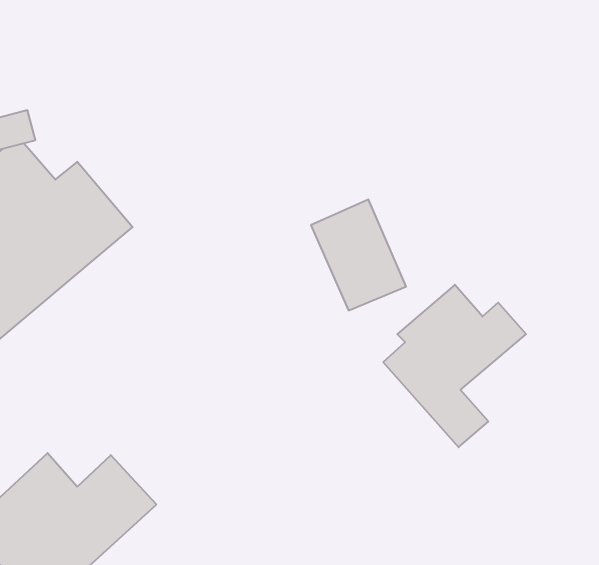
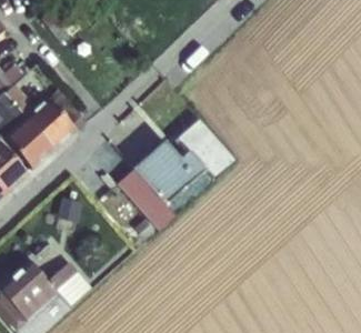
building: [383,285,526,447] -> [117,141,197,232]

